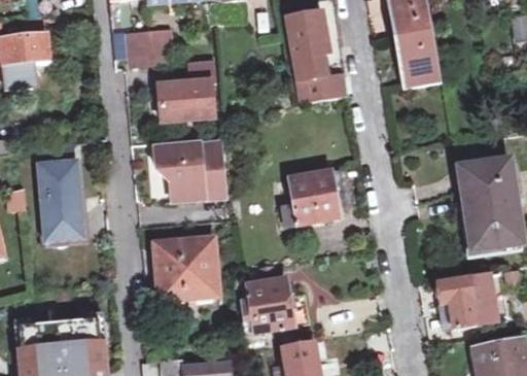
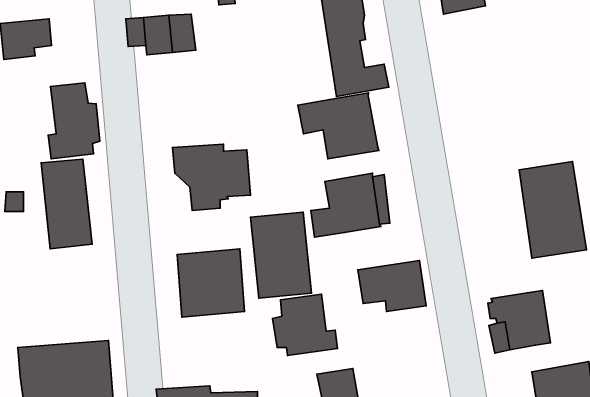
building: [394,22,441,87] -> none
building: [159,61,217,122] -> none
building: none -> [48,83,100,159]
building: none -> [298,93,379,159]
building: none -> [250,212,312,298]
building: none -> [358,260,426,311]

